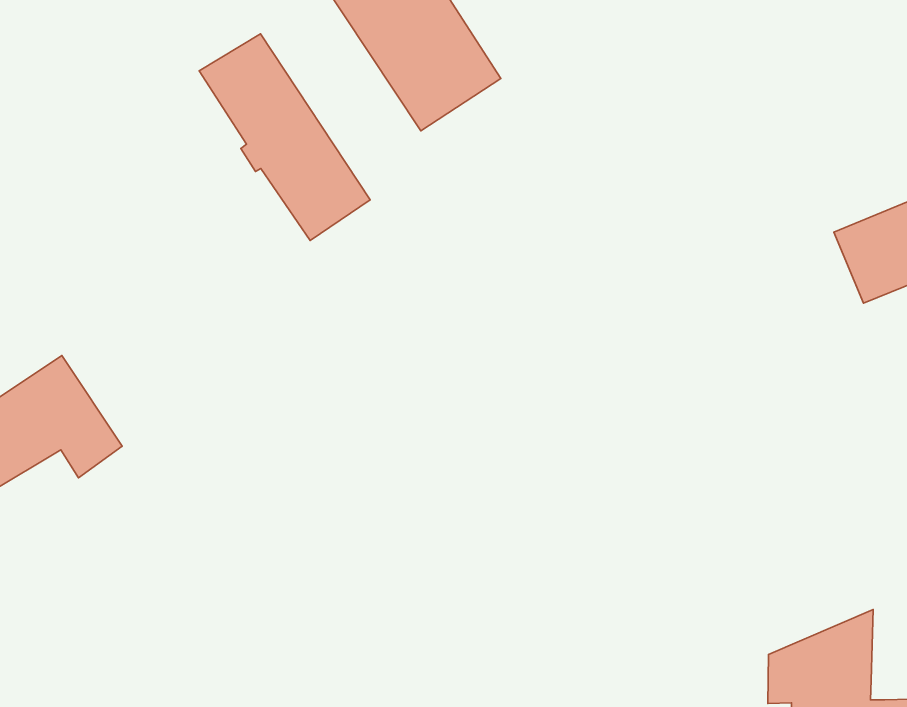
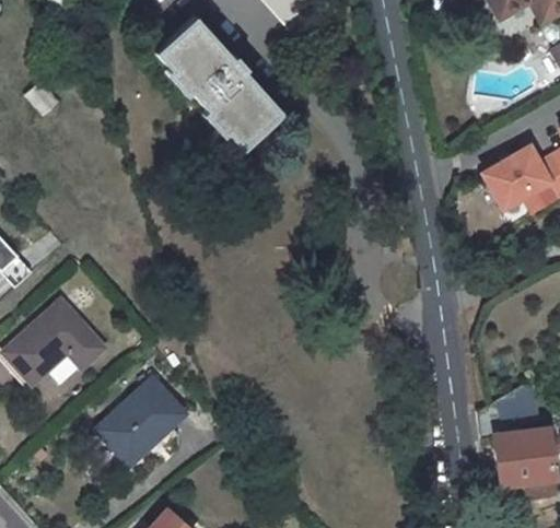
building: [199,34,370,240] -> none
building: none -> [96,377,184,464]

